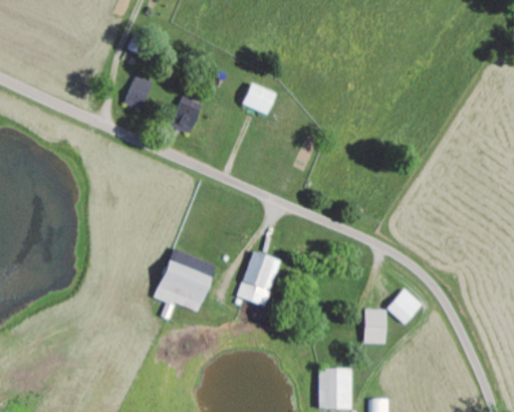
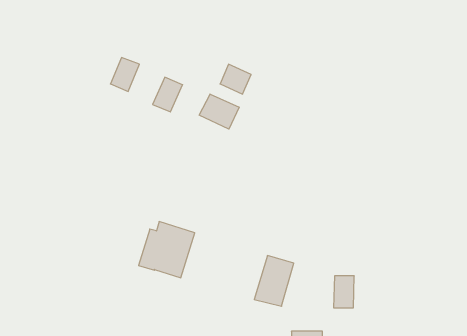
building: none -> [199,94,239,129]
building: [237,251,279,305] -> [254,256,294,306]
building: [386,288,422,325] -> none

